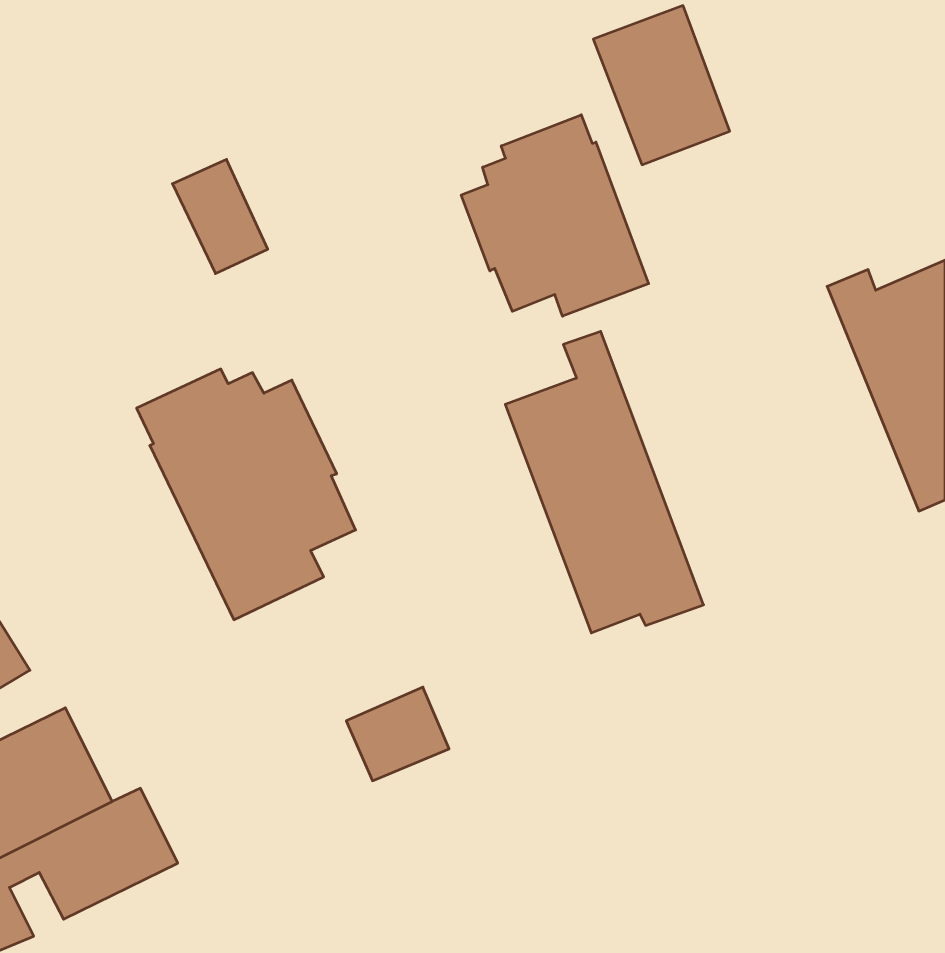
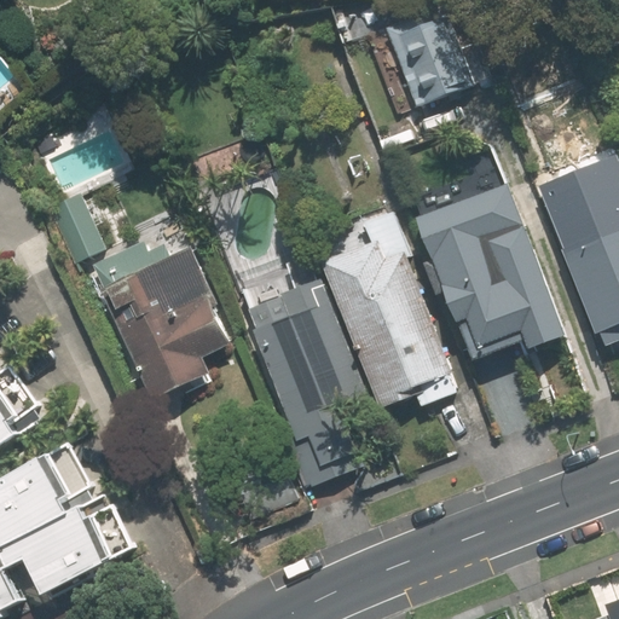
building: [461,115,649,316] -> none
building: [172,159,268,274] -> [44,189,105,262]
building: none -> [418,183,565,351]
building: none -> [242,278,365,464]

